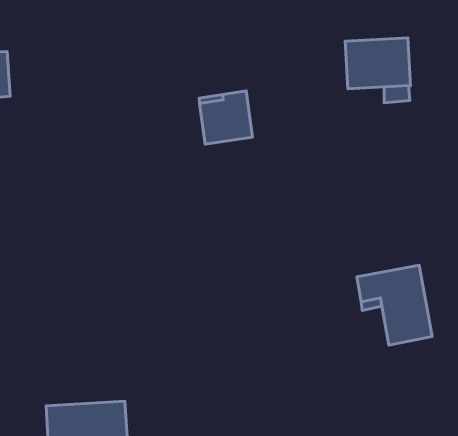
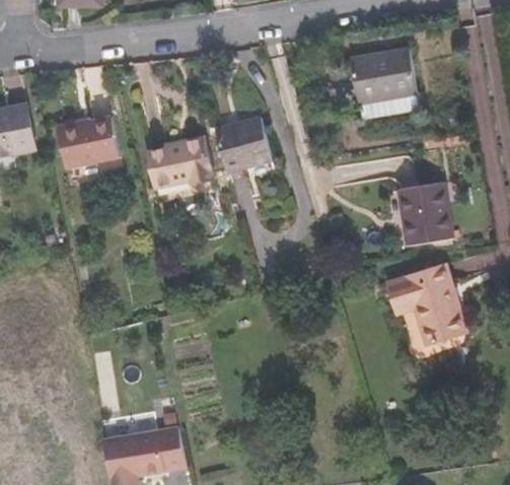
building: none -> [57,116,120,167]
building: none -> [148,136,213,187]
building: none -> [398,182,452,244]

